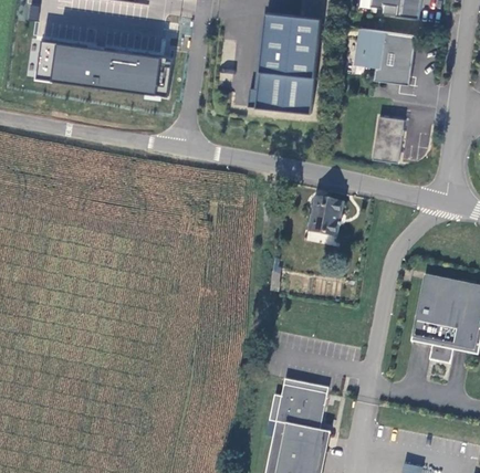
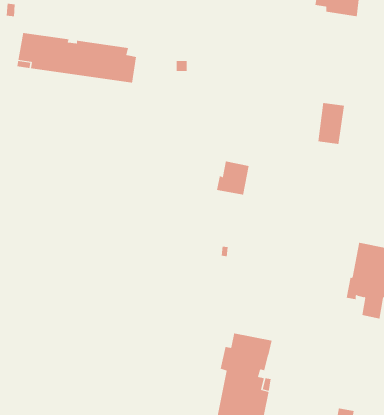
building: [258,8,332,109] -> none
building: [358,29,419,86] -> none
building: [303,197,341,235] -> [216,161,250,195]

